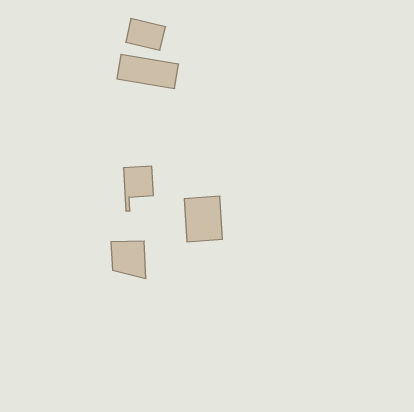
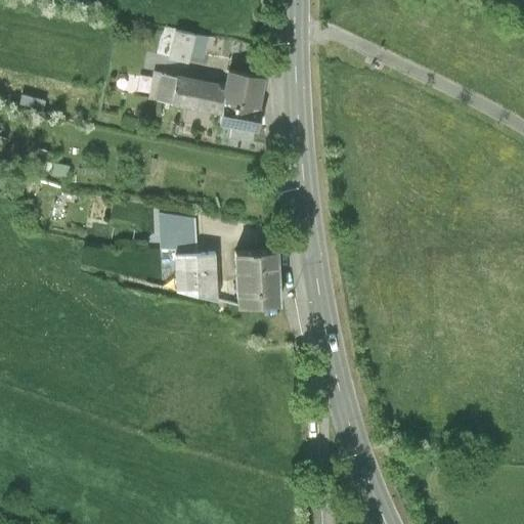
building: none -> [219,70,269,131]
building: [111,241,146,278] -> [174,254,218,301]

